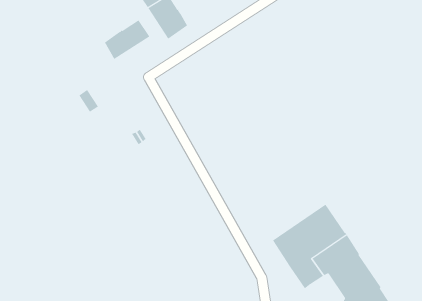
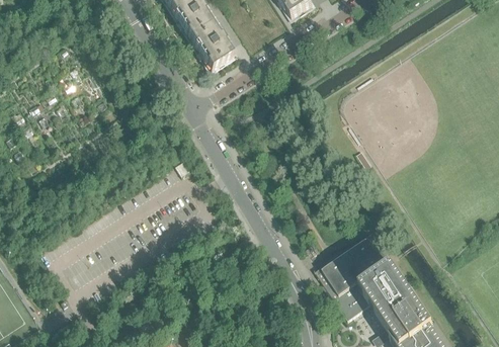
building: [104,20,150,60] -> none

